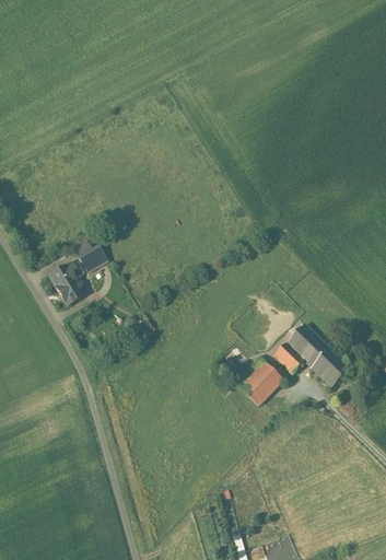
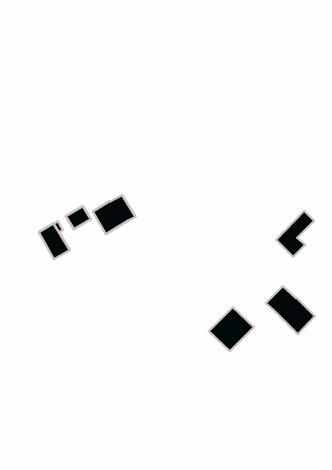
building: none -> [93,195,135,234]
building: [273,324,315,374] -> [276,211,314,257]

